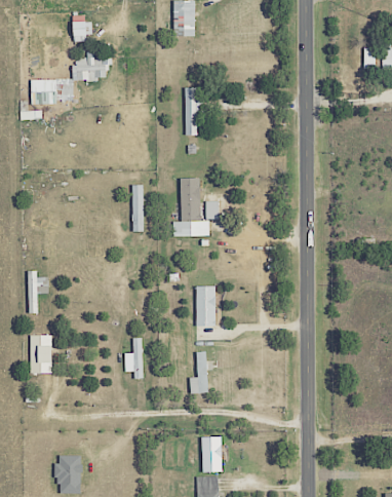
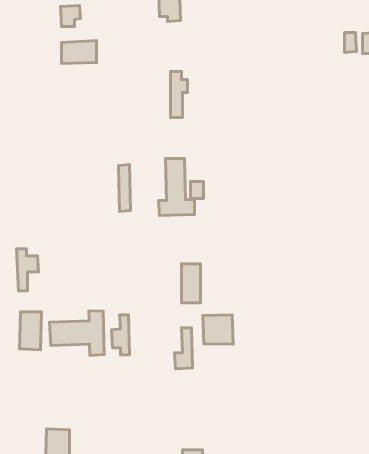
building: [31,79,73,104] -> none
building: none -> [50,311,104,355]
building: none -> [203,315,233,344]
building: [201,436,222,472] -> none

